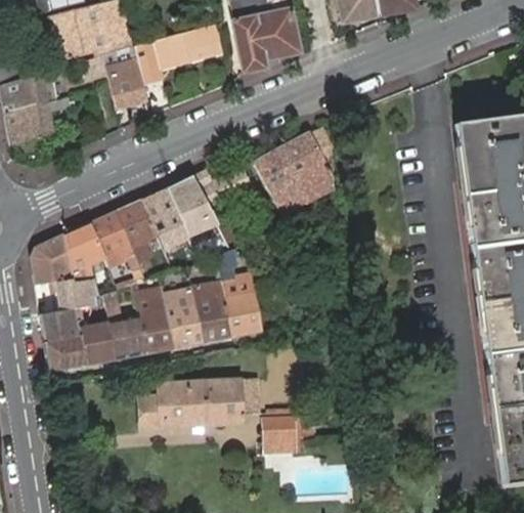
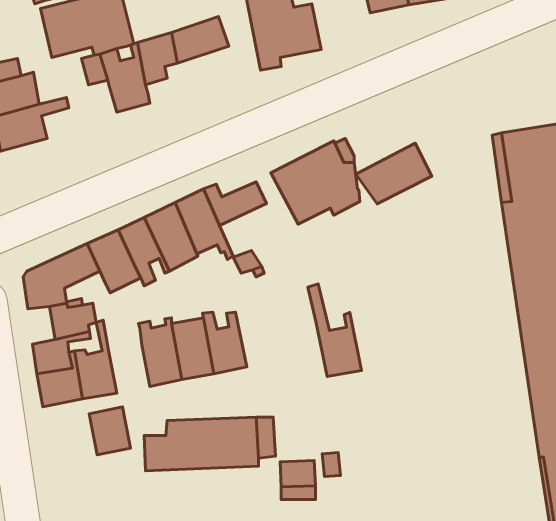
building: none -> [356,143,432,204]
building: [216,253,264,336] -> [308,284,361,376]
building: [110,316,146,359] -> [89,407,130,455]

